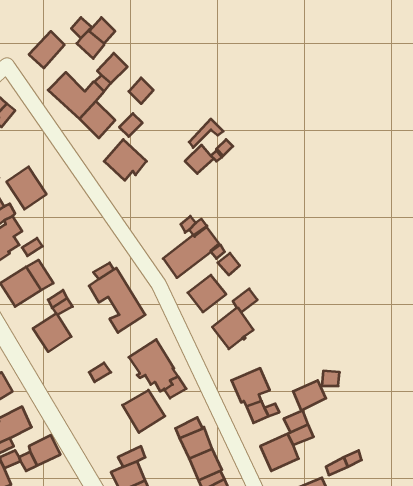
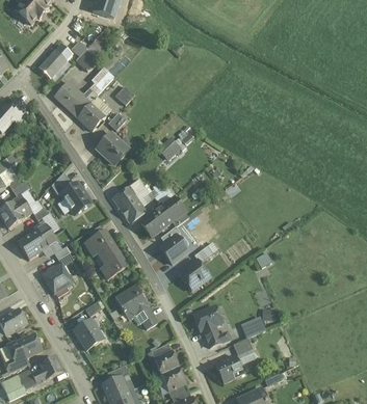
building: [7,167,46,209] -> [60,182,90,214]
building: none -> [111,179,146,223]
building: [122,390,165,433] -> [72,318,104,350]

